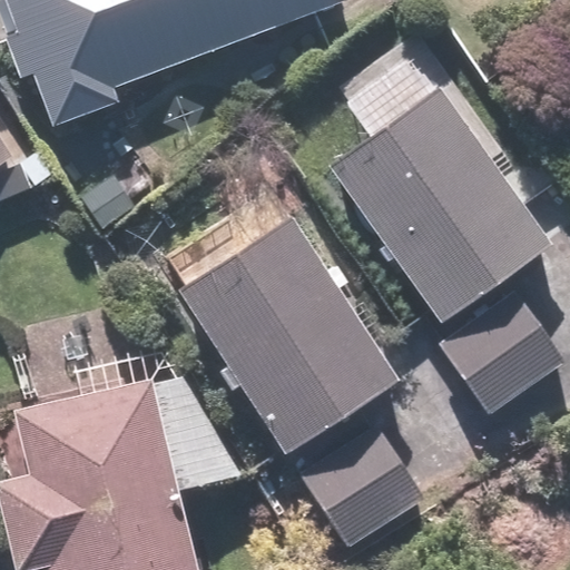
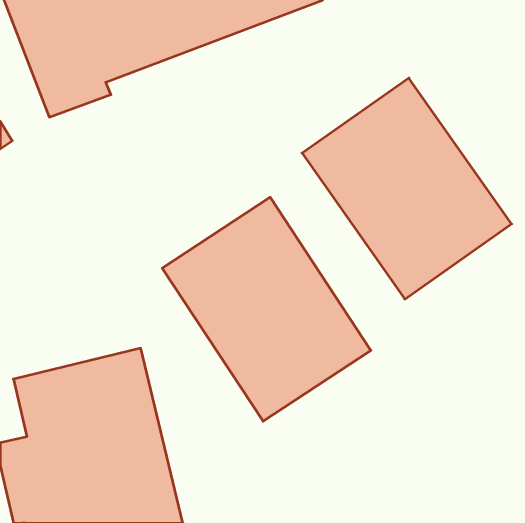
building: [436,291,563,415] -> none
building: [297,421,423,546] -> none

